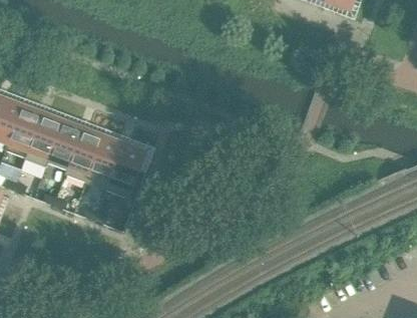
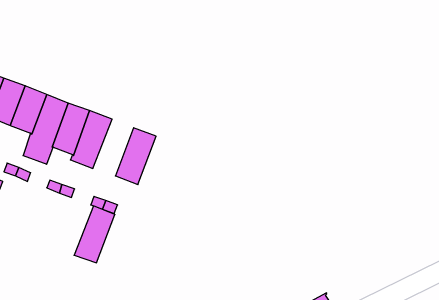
building: [88,134,126,188] -> [74,206,115,263]

